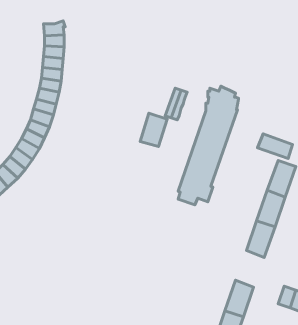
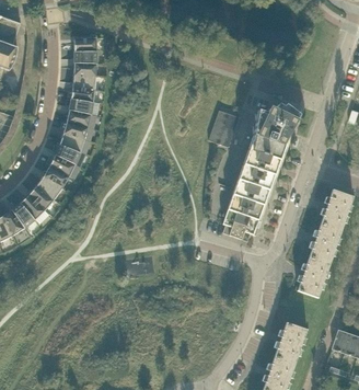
building: [140,113,167,147] -> none
building: [258,134,293,159] -> none

